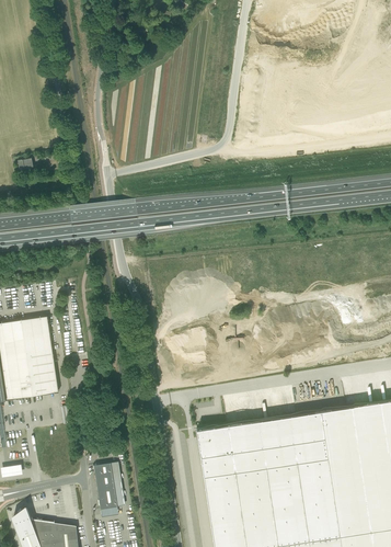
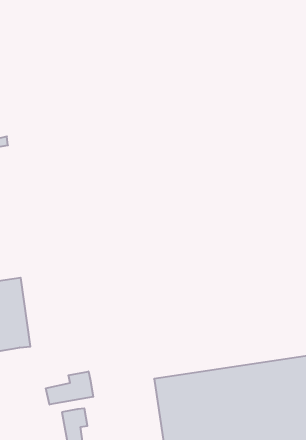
building: none -> [46,371,93,405]

